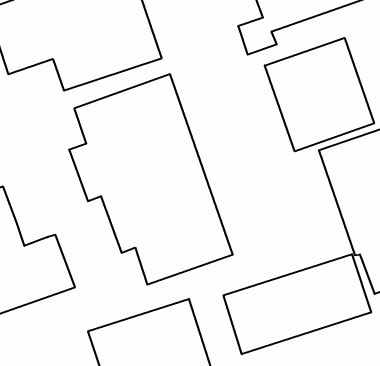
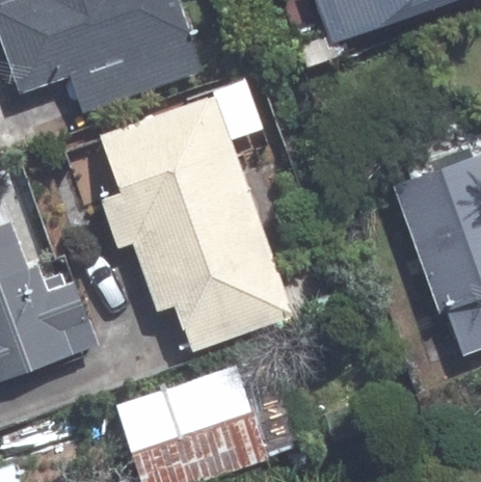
building: [265,38,374,151] -> none
building: [224,254,371,354] -> none

